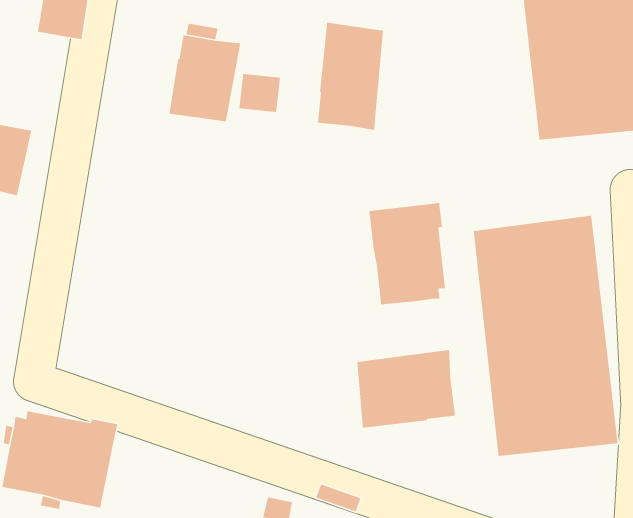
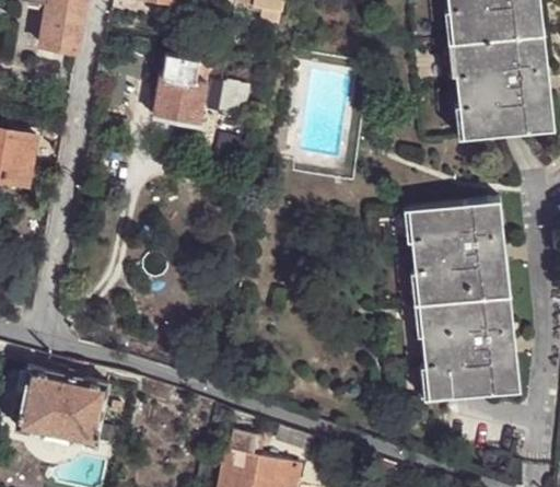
building: [317,22,384,131] -> none
building: [368,202,446,305] -> none
building: [356,349,456,428] -> none

